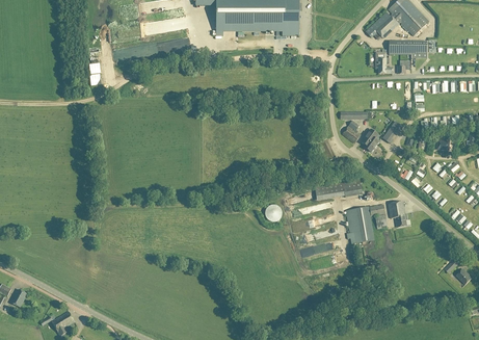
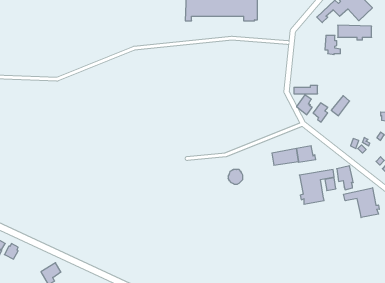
building: none -> [344,188,379,218]

